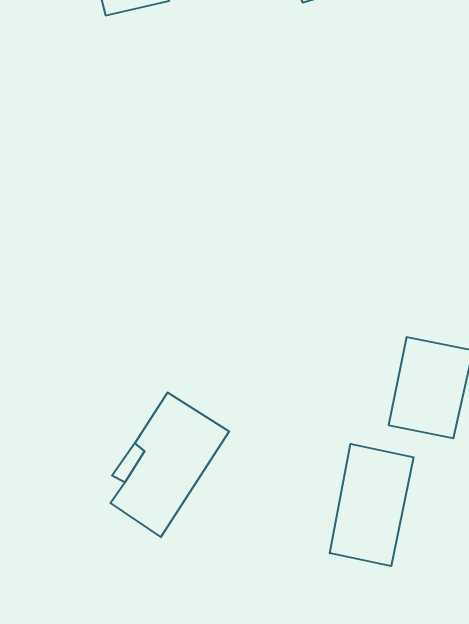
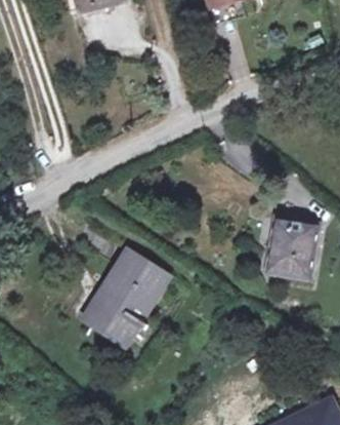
building: [330,444,413,566] -> none

